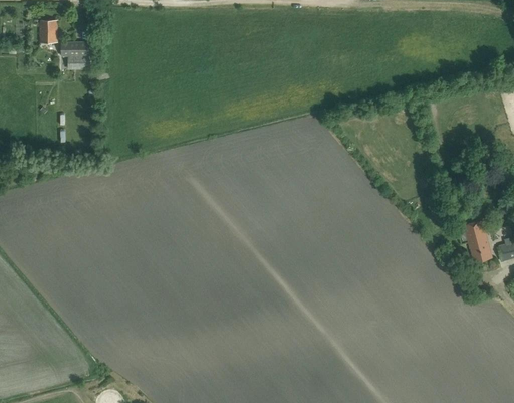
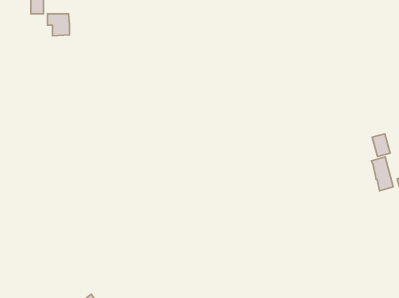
building: none -> [372,134,390,157]

